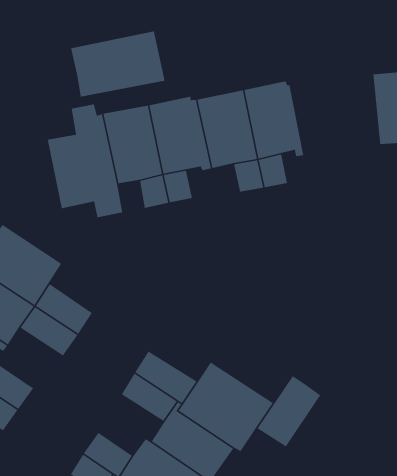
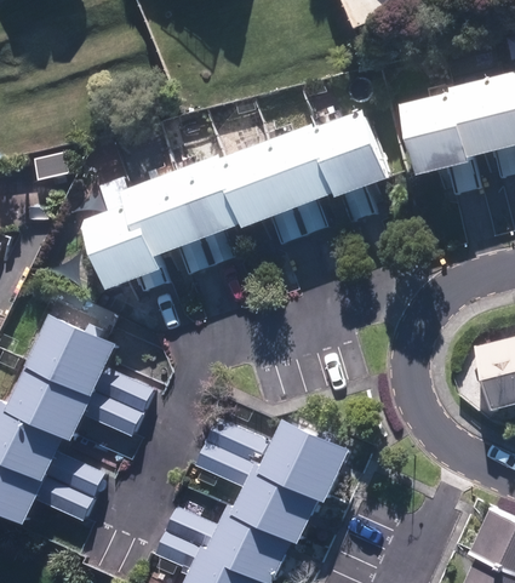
building: [70,30,165,97] -> none
building: none -> [315,110,387,222]
building: [256,375,321,447] -> none

